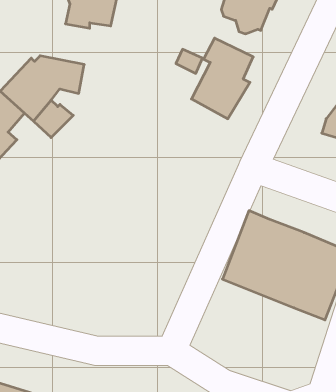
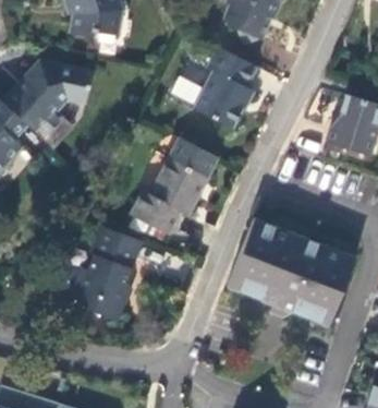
building: none -> [137,144,217,240]
building: none -> [72,226,141,323]

